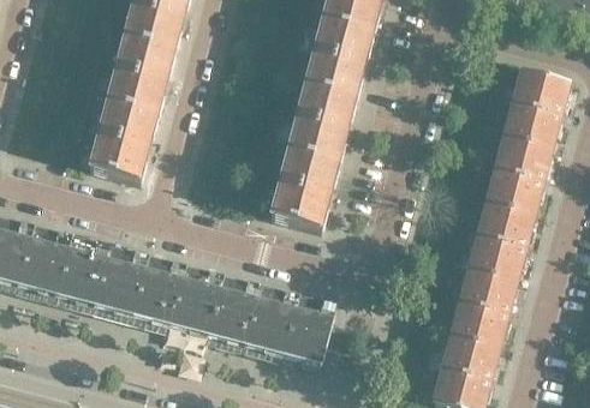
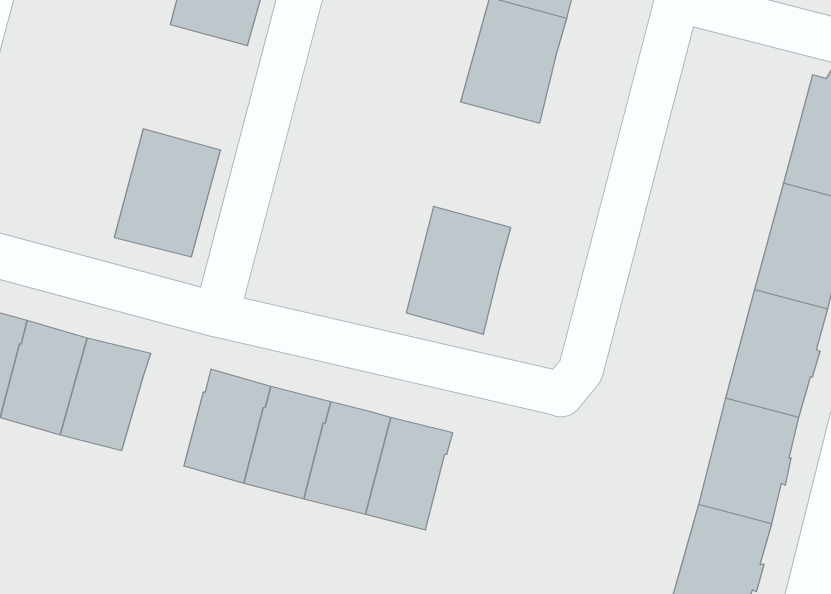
building: [107,41,172,119] -> none
building: [287,89,353,167] -> none
building: [94,245,149,314] -> none
building: [282,294,336,365] -> none

